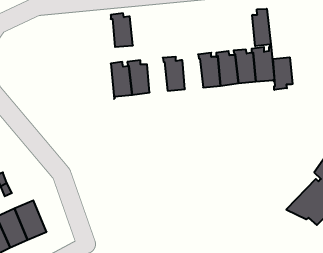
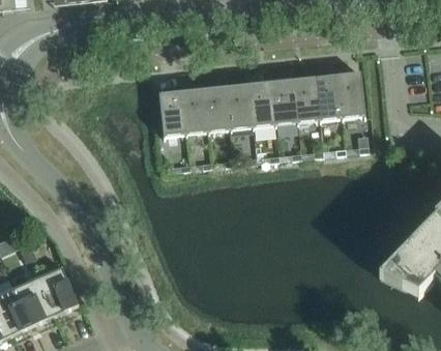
building: [252,9,271,47] -> none
building: [111,13,133,47] -> [203,87,231,129]
building: none -> [247,82,275,125]
building: [273,57,293,90] -> none

